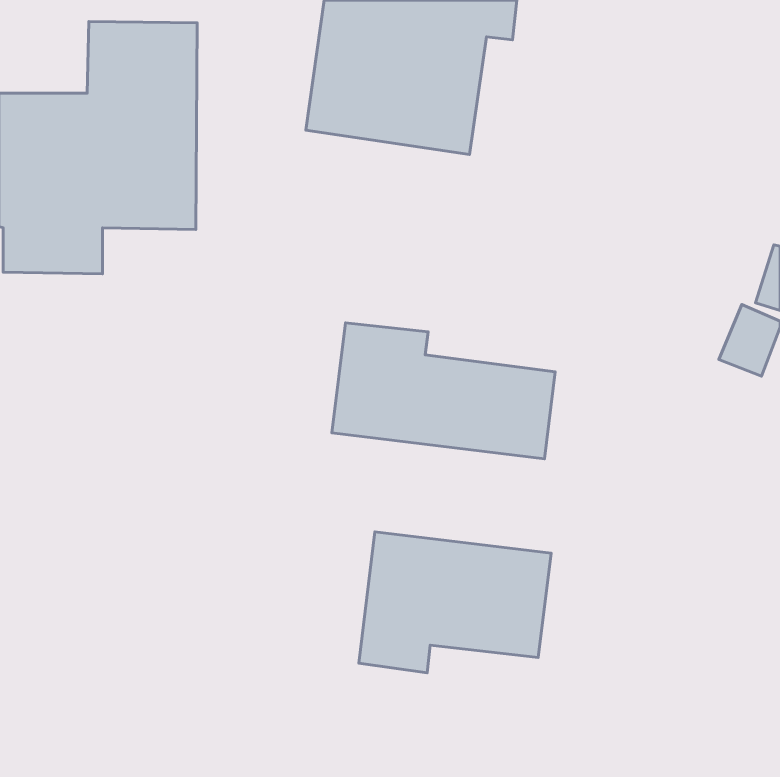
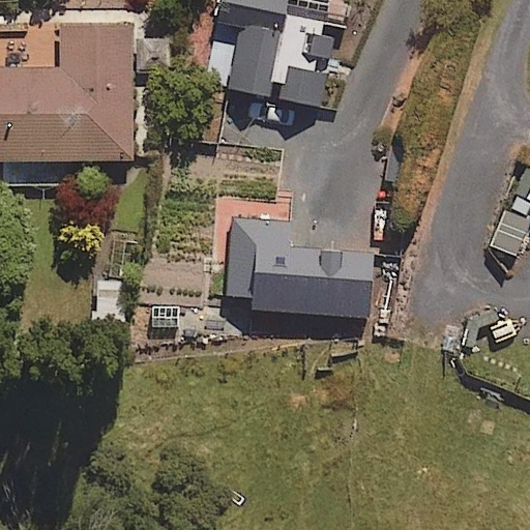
building: [359,532,551,673] -> none

